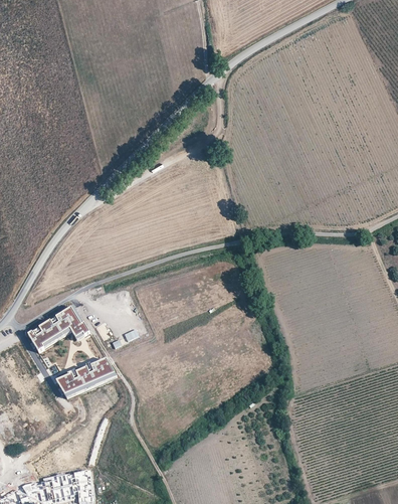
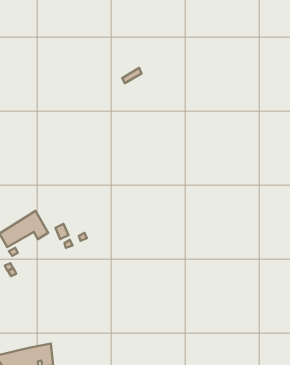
building: [52,358,113,396] -> none

